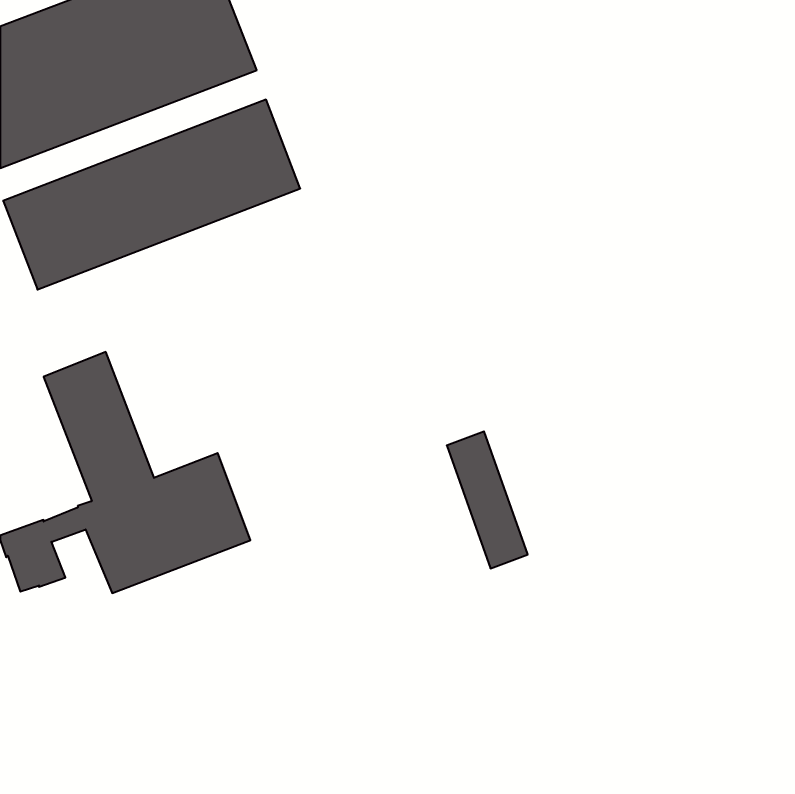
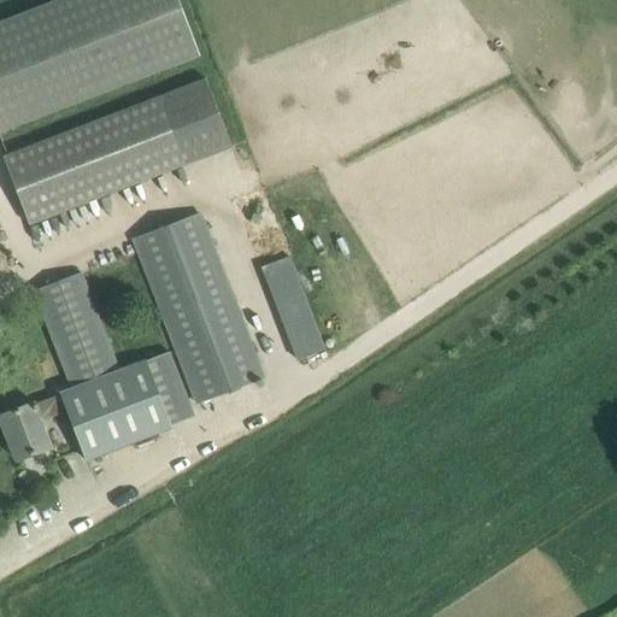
building: none -> [130,212,266,407]
building: [447,431,528,568] -> [262,253,324,359]

